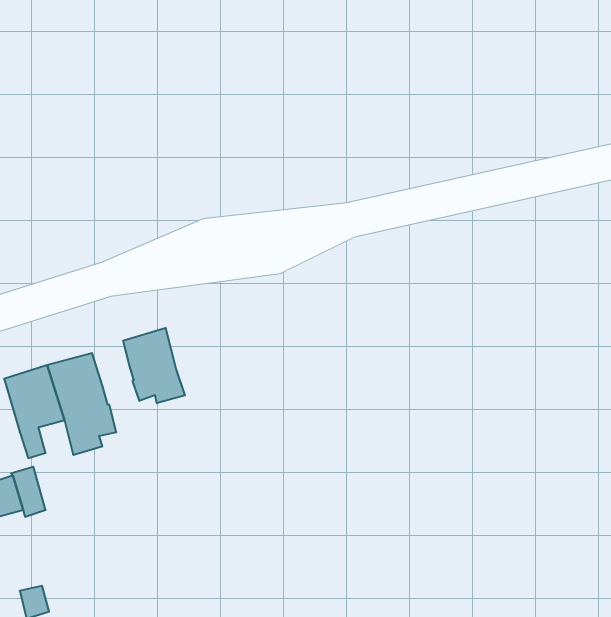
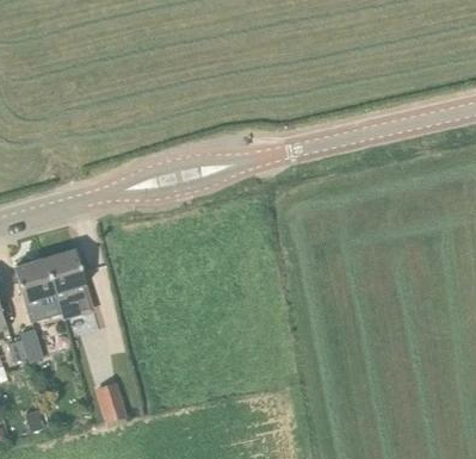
building: [123,328,185,403] -> none
building: none -> [95,382,126,422]

